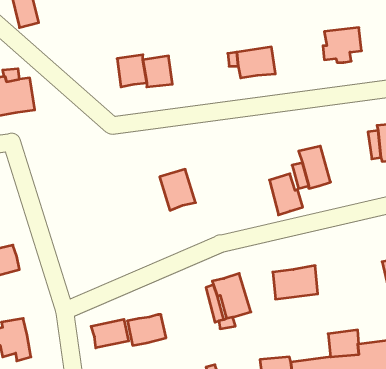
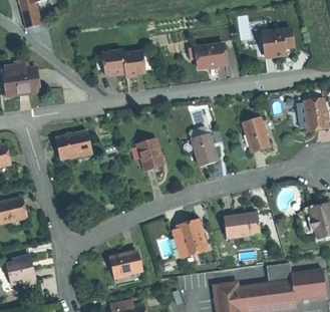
building: none -> [55,130,89,159]
building: [269,174,303,215] -> [192,134,218,167]
building: [91,319,129,348] -> none

